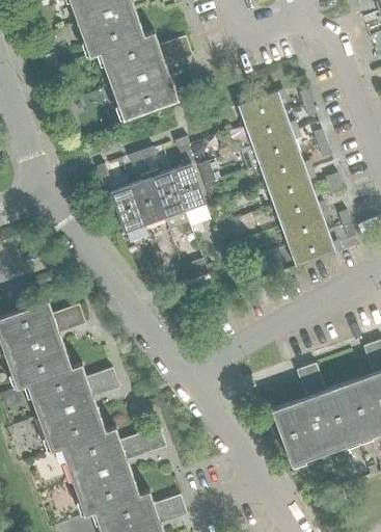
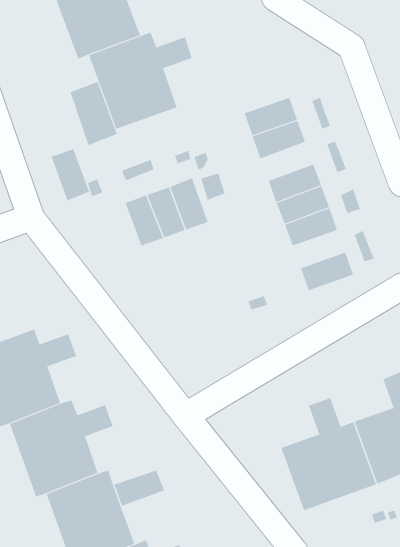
building: none -> [70,81,118,146]
building: [252,131,301,166] -> none
building: [109,186,144,234] -> [51,148,90,201]
building: [281,211,330,245] -> none

